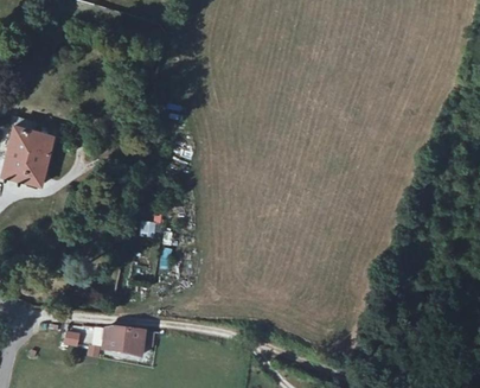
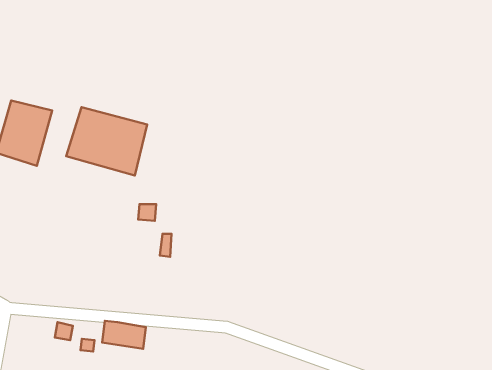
building: none -> [66,107,147,175]

